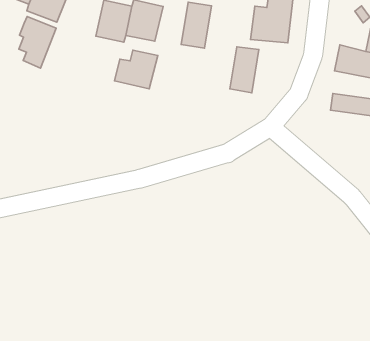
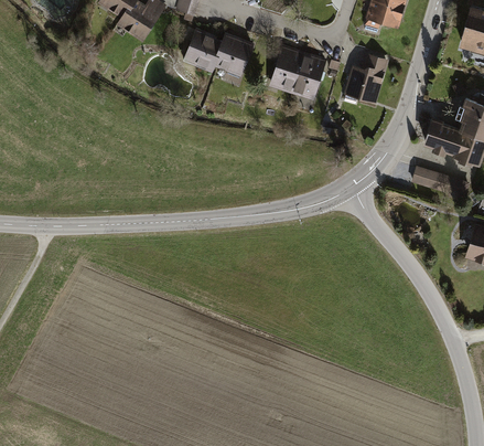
building: [19,16,56,68] -> none
building: [230,47,259,93] -> [291,54,327,104]
building: [115,50,158,89] -> none

